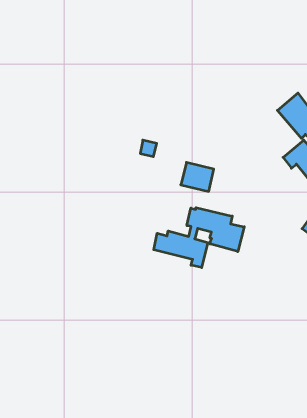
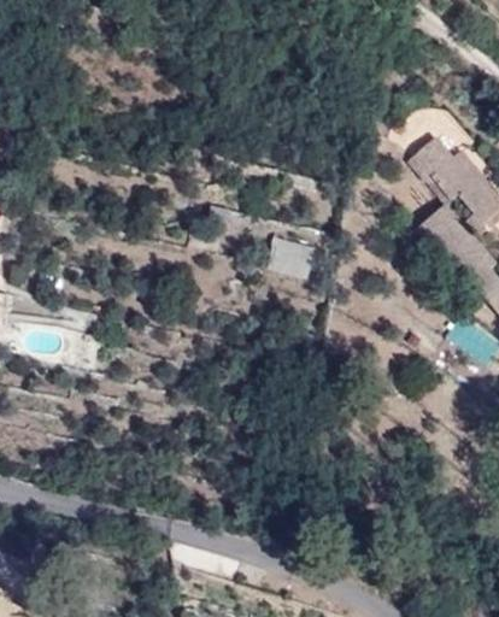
building: [154,208,244,268] -> none

